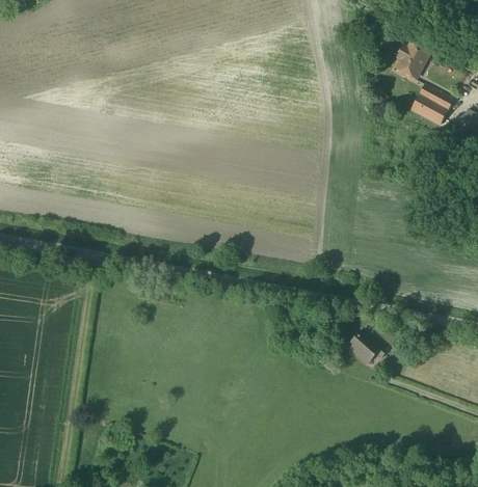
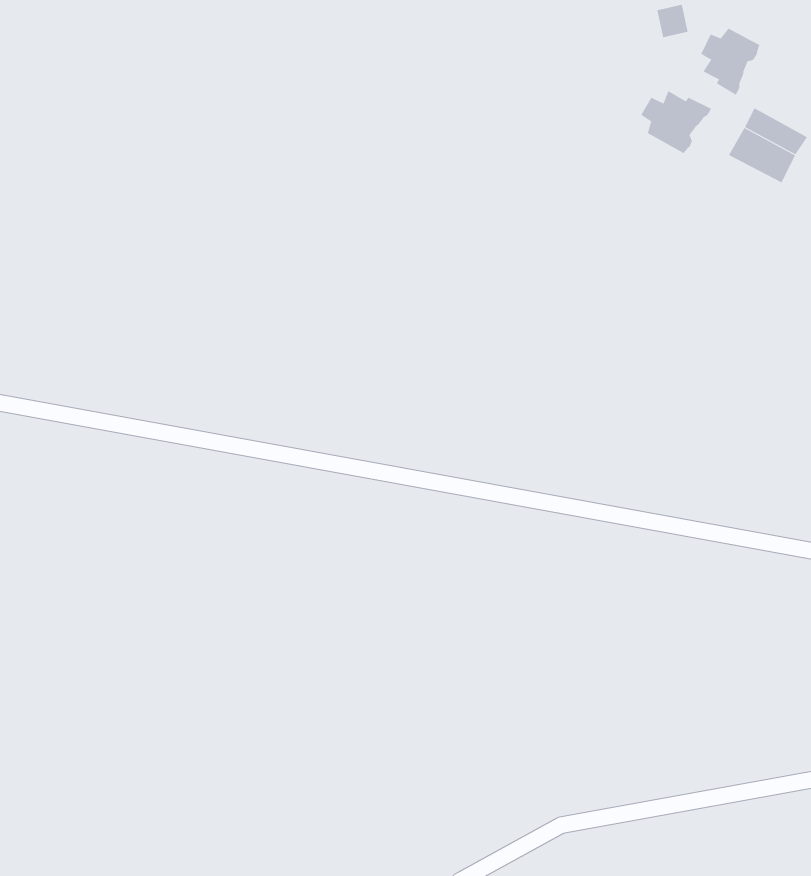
building: none -> [640,90,712,155]
building: [346,328,387,366] -> none

